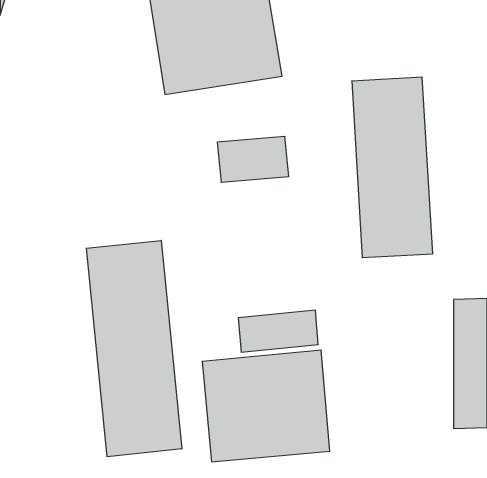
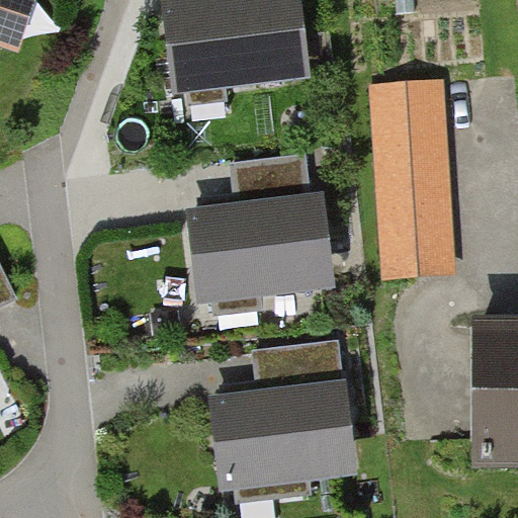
building: none -> [185,194,320,310]
building: [86,240,182,457] -> none

